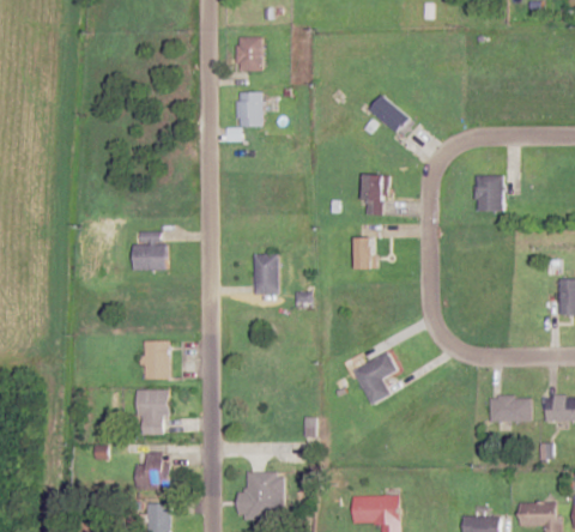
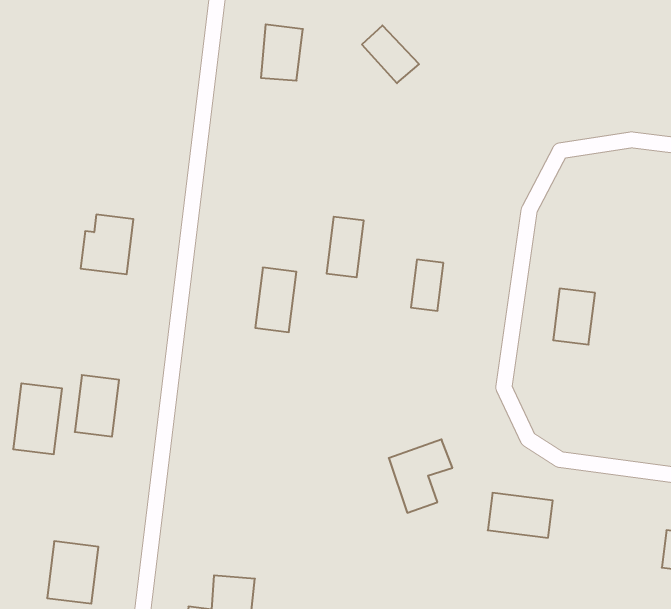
building: [370,96,410,133] -> [362,25,419,83]
building: [364,176,385,214] -> [327,217,364,277]
building: [478,176,502,211] -> [553,289,595,345]
building: [139,391,167,435] -> [13,383,62,454]
building: [490,397,531,422] -> [488,493,553,538]

